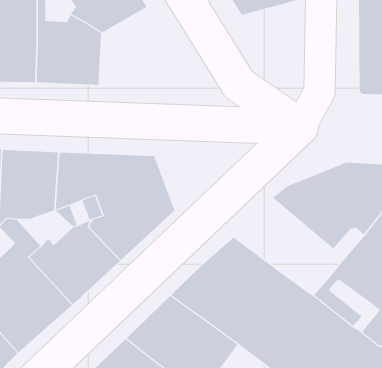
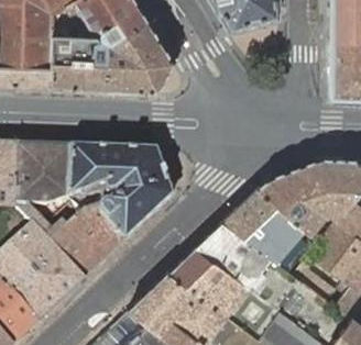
building: none -> [106,21,173,91]
building: none -> [222,187,313,269]

